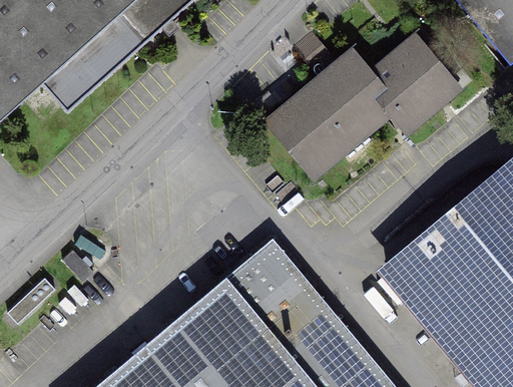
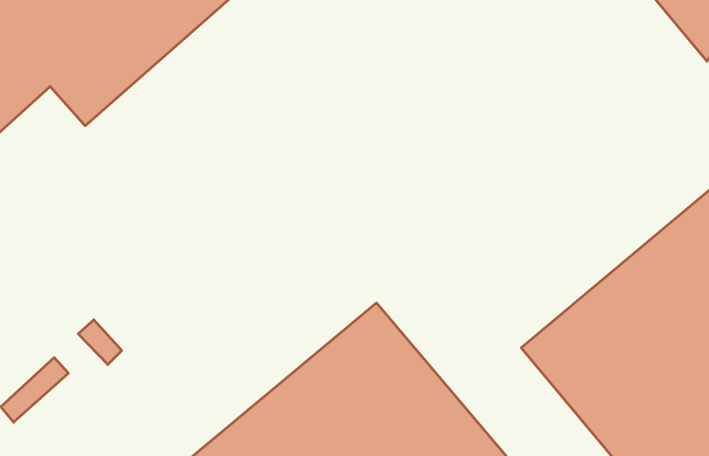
building: [272,44,451,172] -> none

